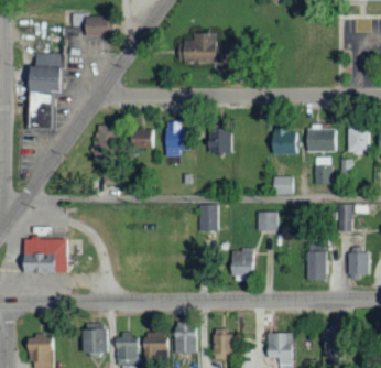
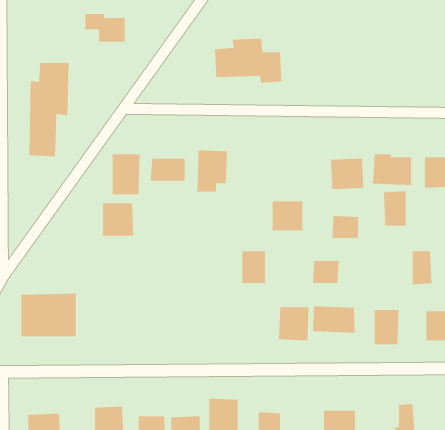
building: [207,130,232,154] -> [272,201,303,231]
building: none -> [103,202,134,237]
building: none -> [312,305,355,333]

